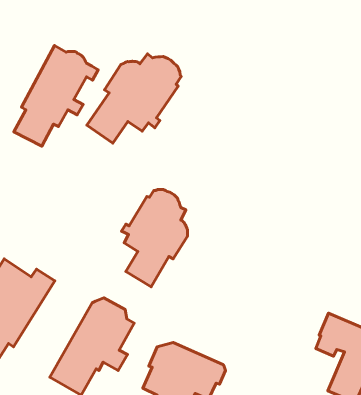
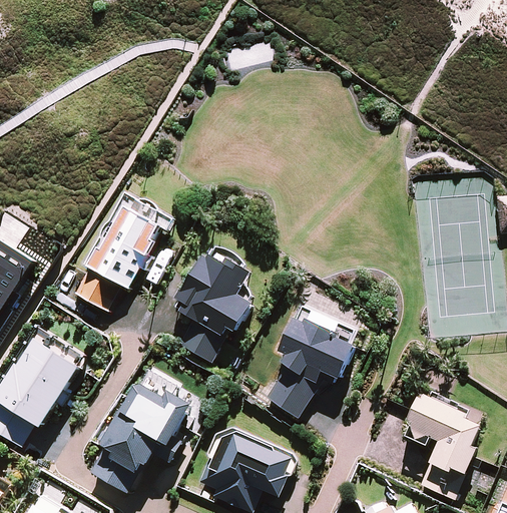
building: [14,45,98,146] -> [73,193,173,313]
building: [87,54,181,143] -> none
building: none -> [264,307,358,421]

